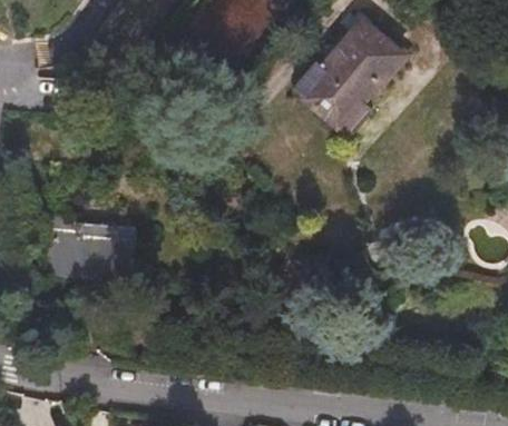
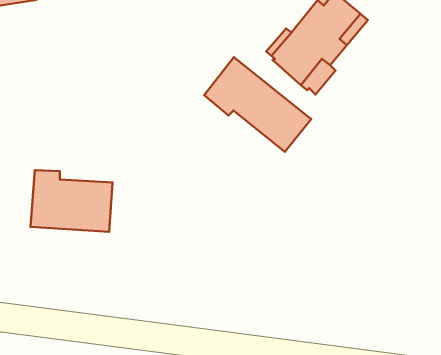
building: none -> [204,57,311,152]

